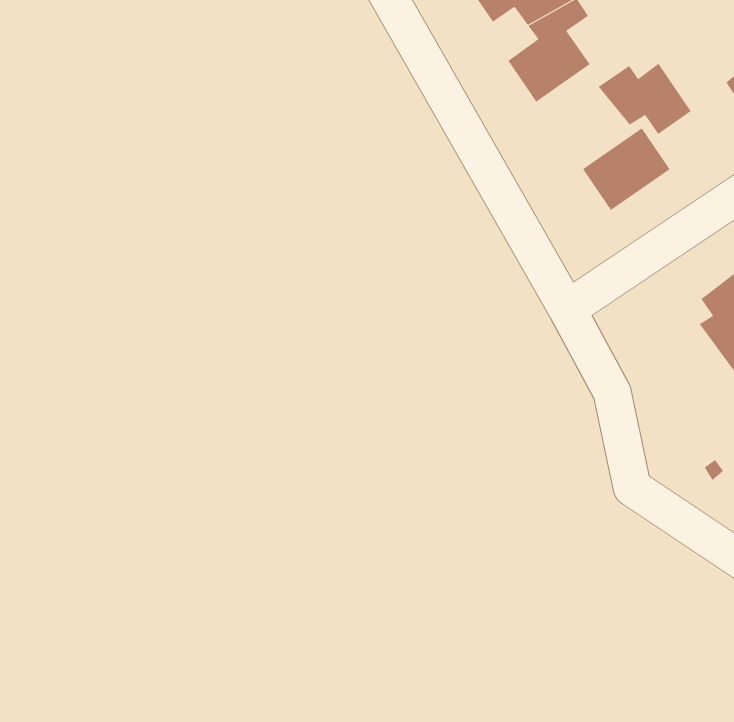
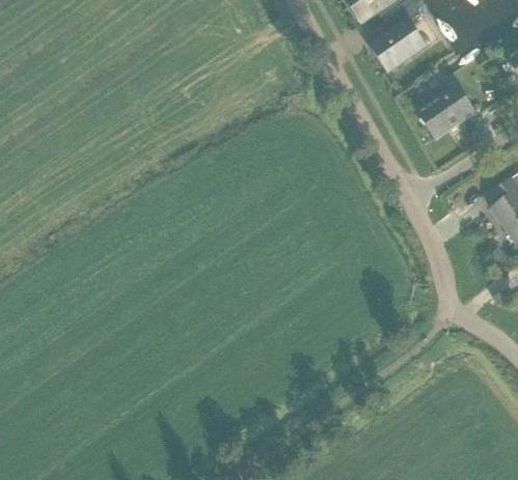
building: [598,63,691,135] -> none

